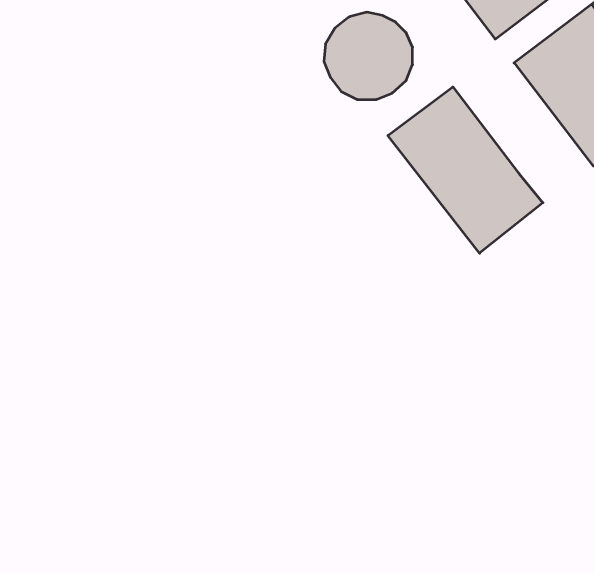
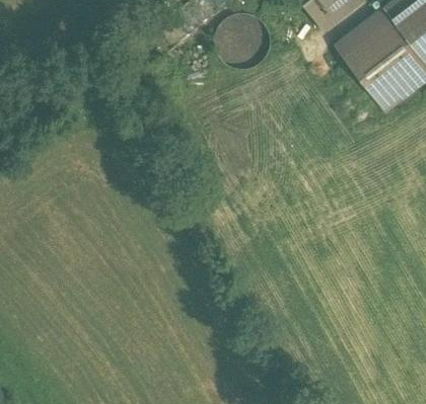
building: [388,87,543,253] -> none

